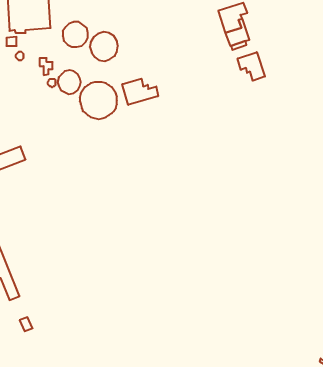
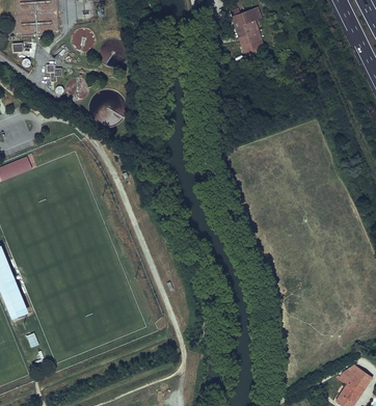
building: [238,52,265,81] -> none
building: [122,79,158,105] -> none

